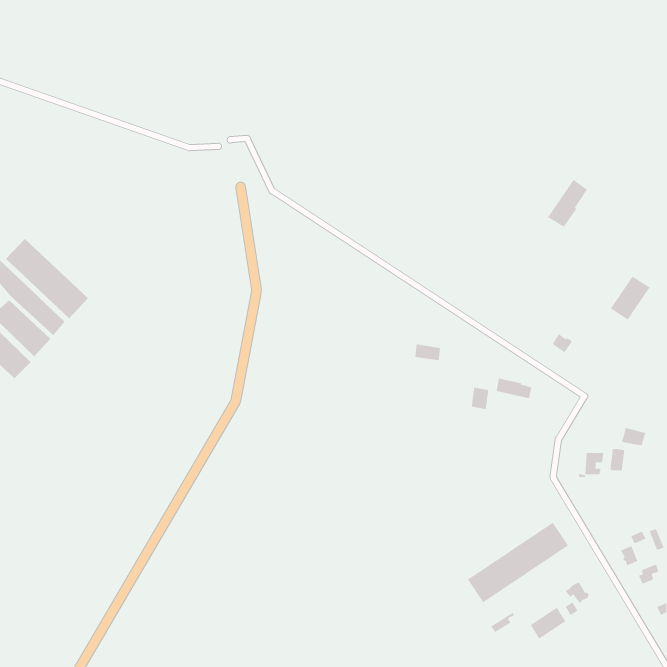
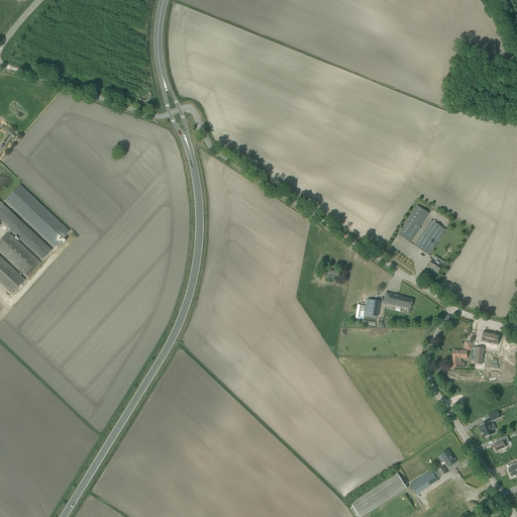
building: [547,179,588,228] -> [396,204,427,241]
building: [610,276,650,320] -> [413,219,444,253]
building: [467,522,569,603] -> none

